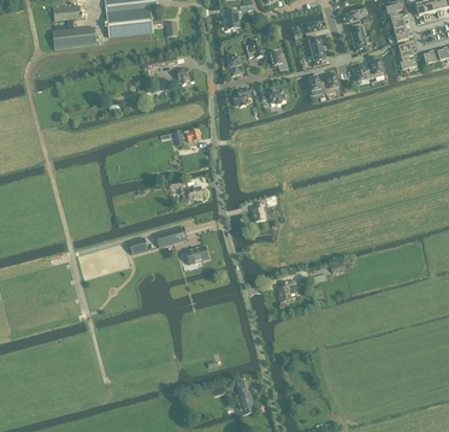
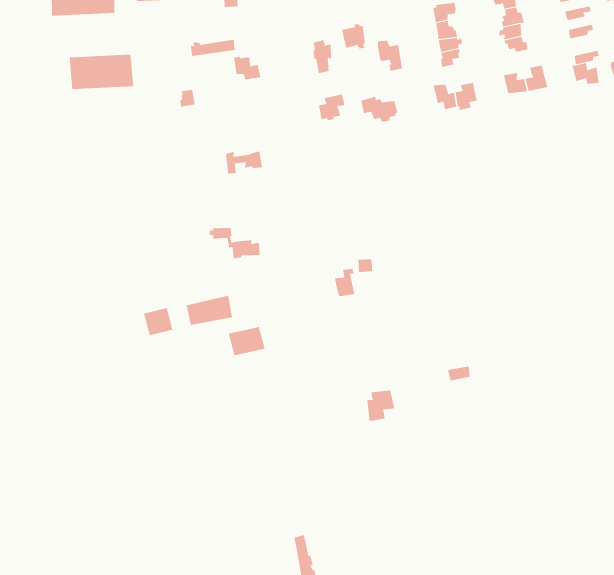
building: none -> [69,54,134,90]

